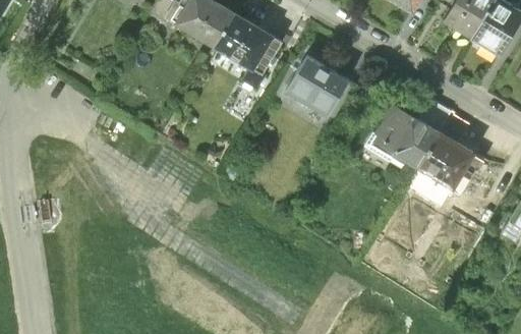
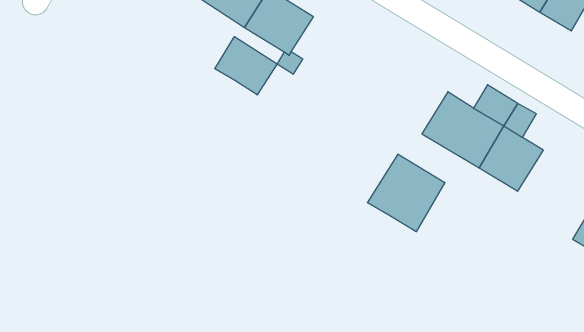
building: none -> [215,37,277,95]
building: [285,57,346,115] -> none
building: none -> [367,154,445,232]

